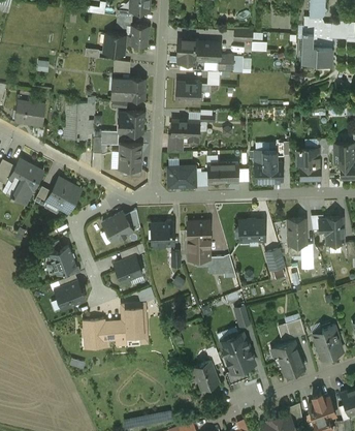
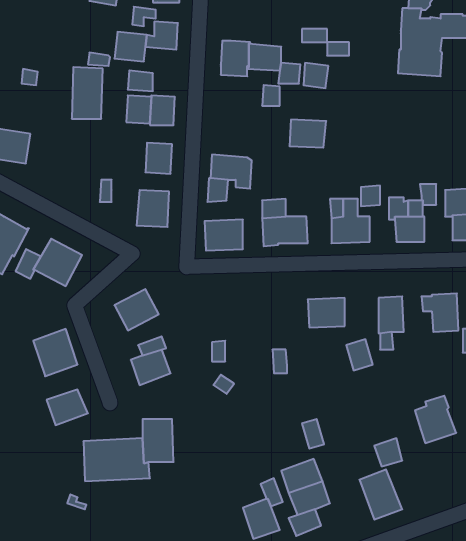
building: [175,83,201,102] -> [289,120,326,148]
building: [66,103,88,140] -> [72,67,103,119]
building: [187,221,209,266] -> none
building: [151,222,173,245] -> none
building: [314,326,343,359] -> [415,396,456,443]

